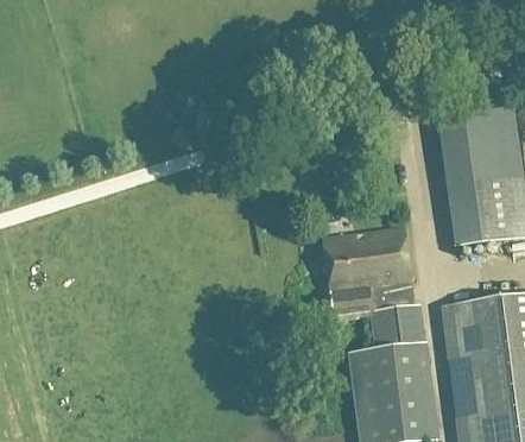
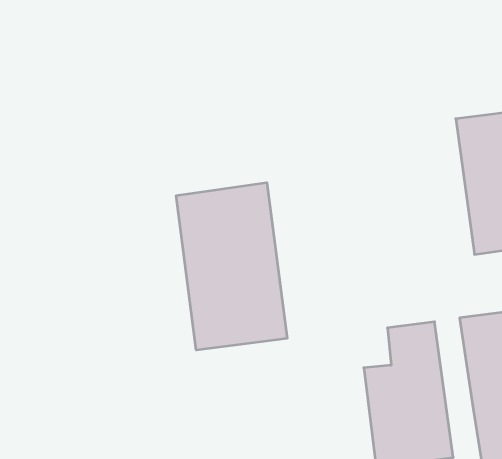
building: none -> [176,183,287,350]
building: [323,223,413,301] -> none

